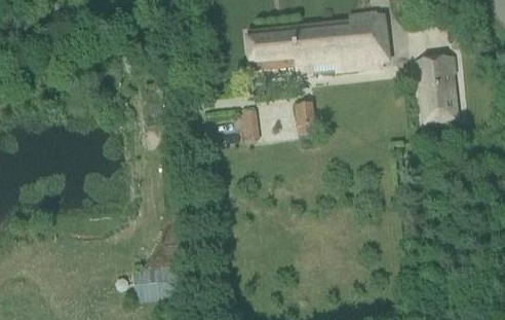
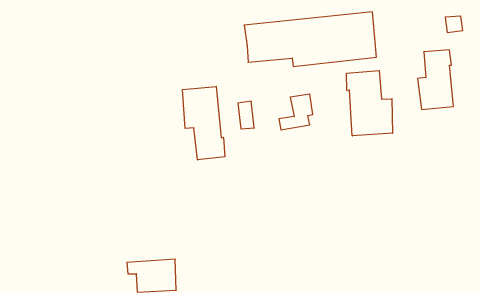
building: none -> [347,71,393,136]
building: none -> [182,86,225,160]

